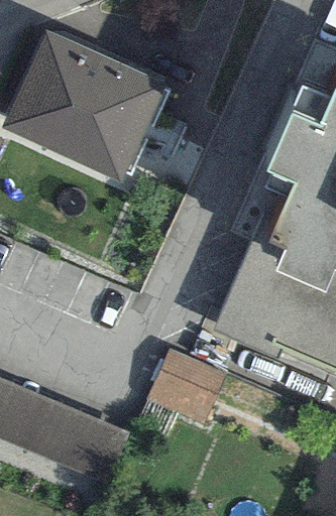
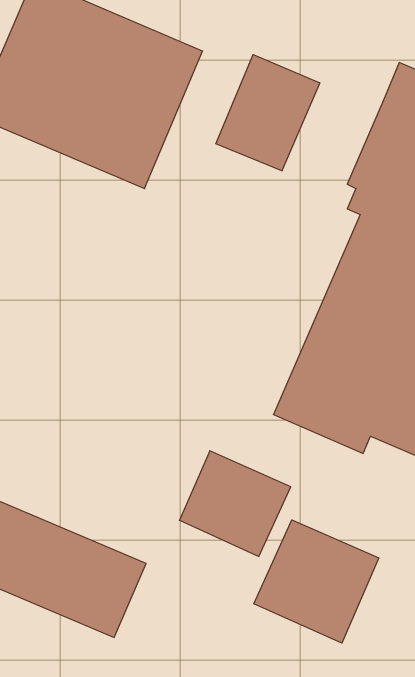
building: none -> [216,55,320,171]
building: none -> [254,520,379,643]

